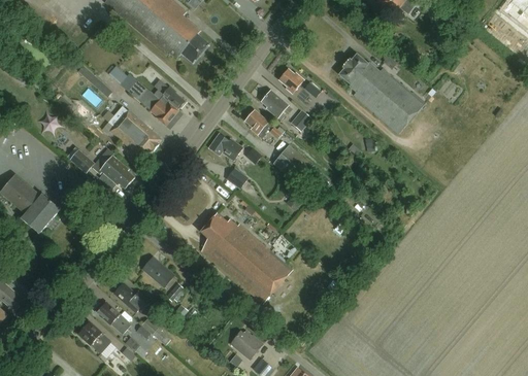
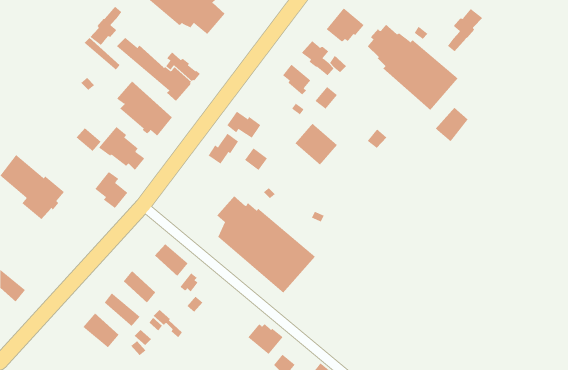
building: none -> [89,6,122,46]
building: none -> [326,7,365,43]
building: none -> [447,8,483,52]
building: [244,110,272,138] -> none
building: none -> [435,107,469,142]
building: none -> [208,133,239,164]
building: none -> [95,171,128,209]

